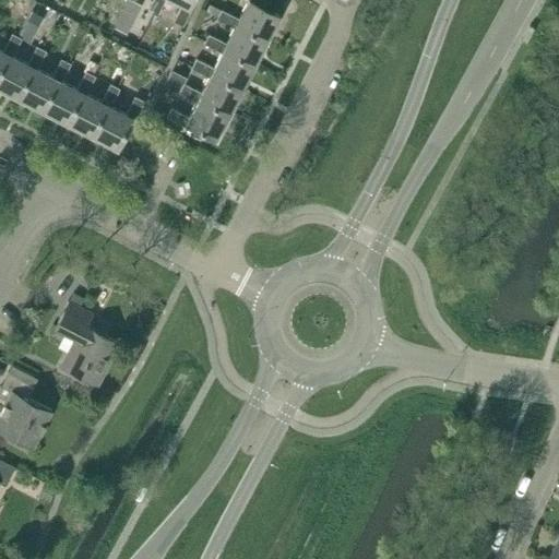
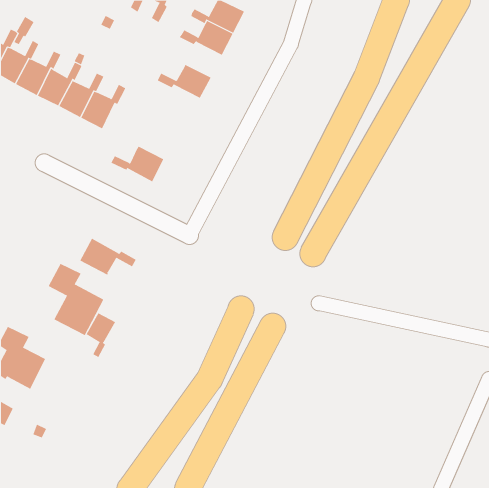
building: [192,49,253,90] -> none
building: [167,98,228,140] -> [111,146,164,182]
building: none -> [79,238,137,276]
building: none -> [86,313,116,358]

